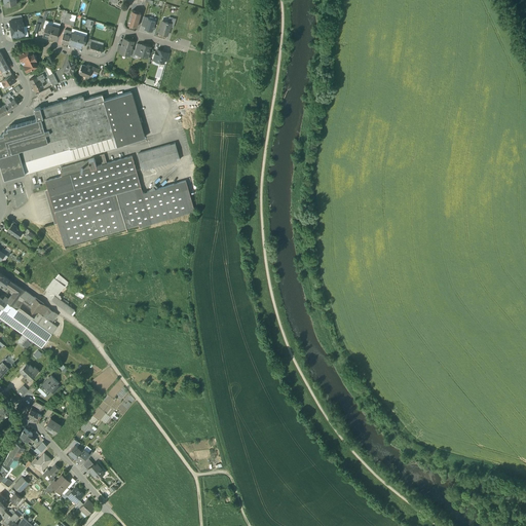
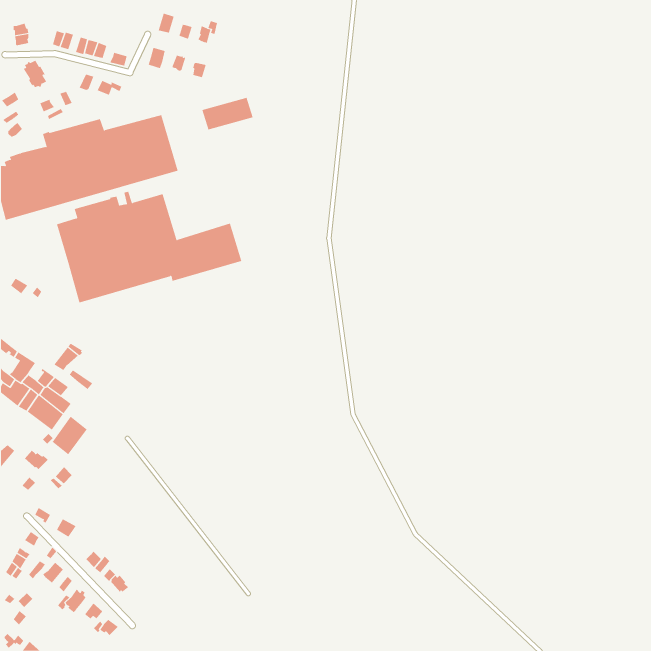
building: [138,143,180,170] -> [201,97,254,130]
building: none -> [52,416,88,455]

